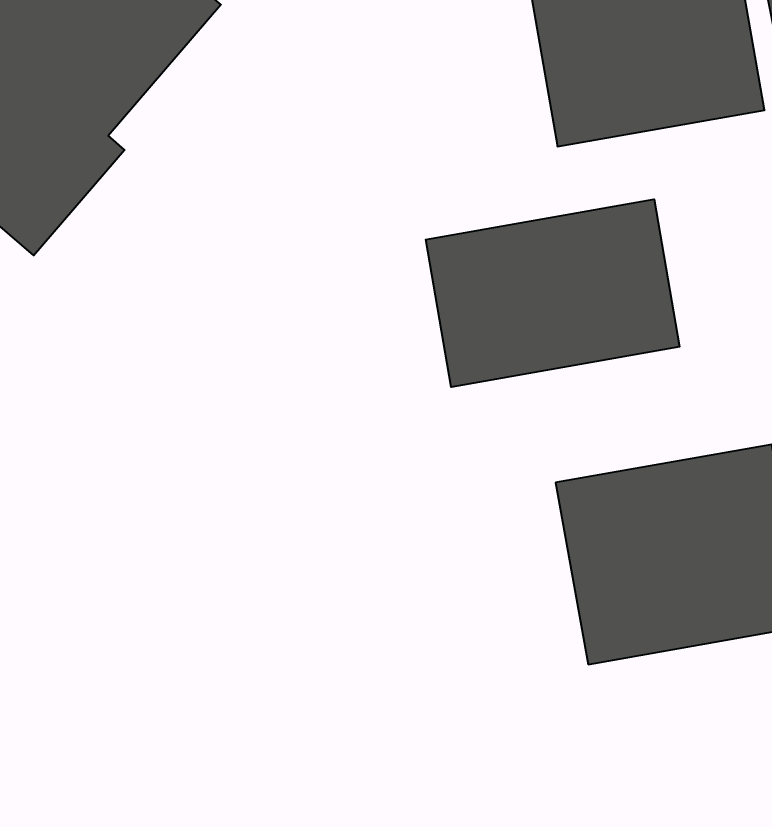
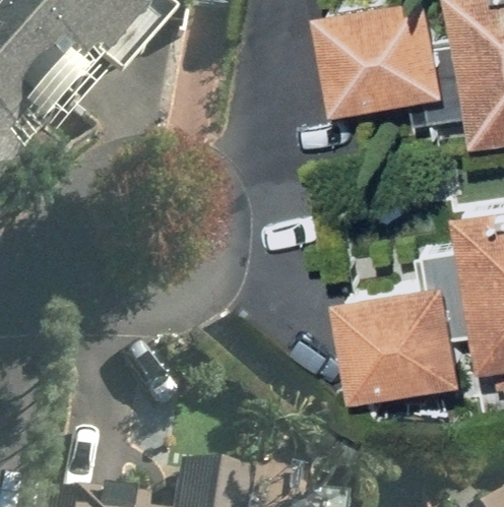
building: [426,199,680,387] -> none

